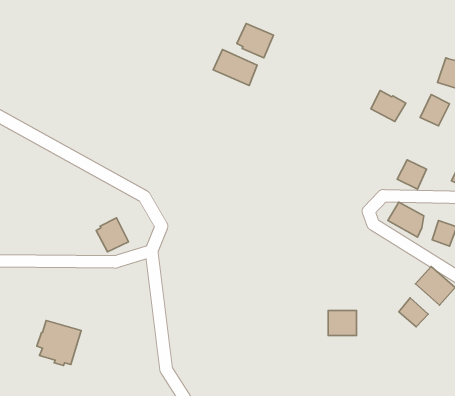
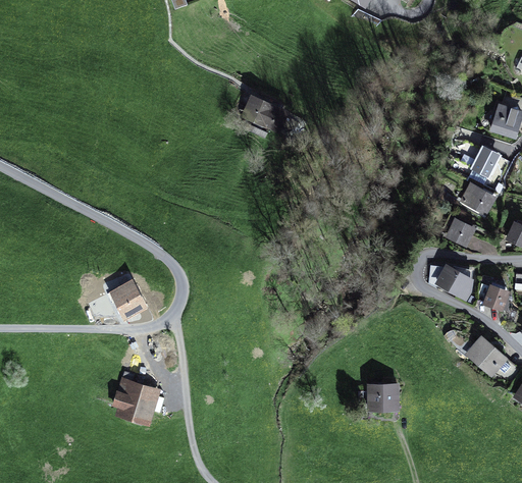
building: [237,24,274,58] -> none
building: [371,90,406,122] -> [460,181,499,216]
building: [399,298,428,327] -> none
building: [37,320,81,366] -> [112,377,161,427]

